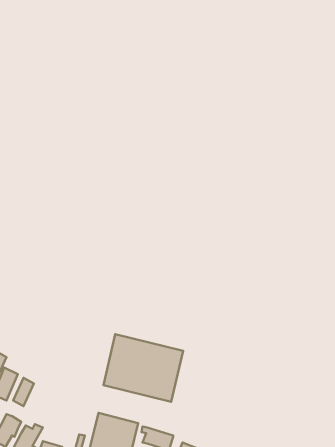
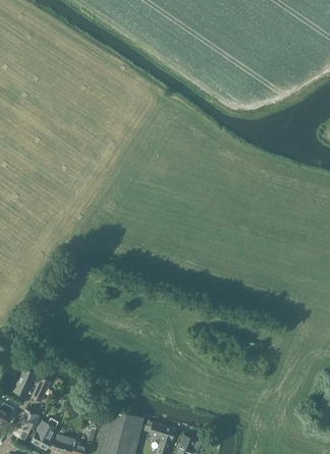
building: [103,334,183,402] -> none

